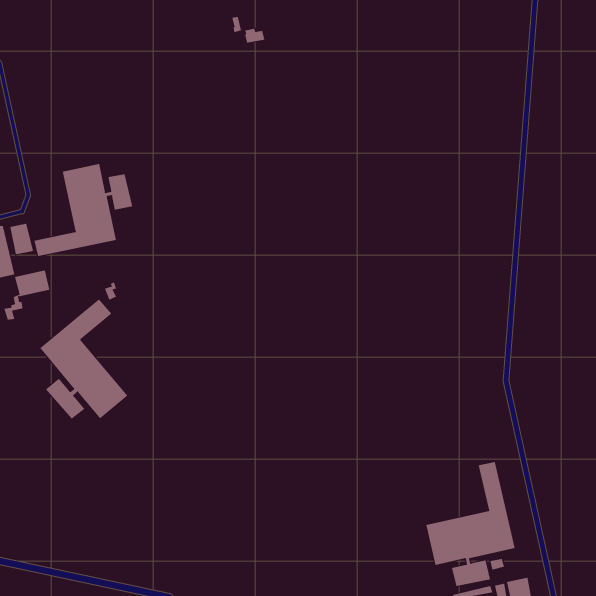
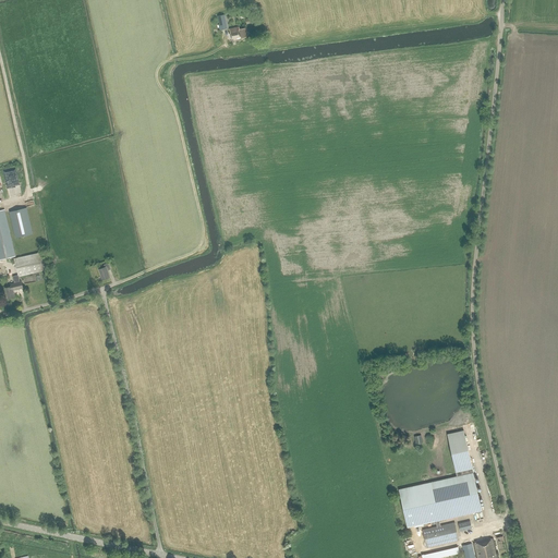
building: [34,163,133,257] -> none
building: [40,298,128,420] -> none

